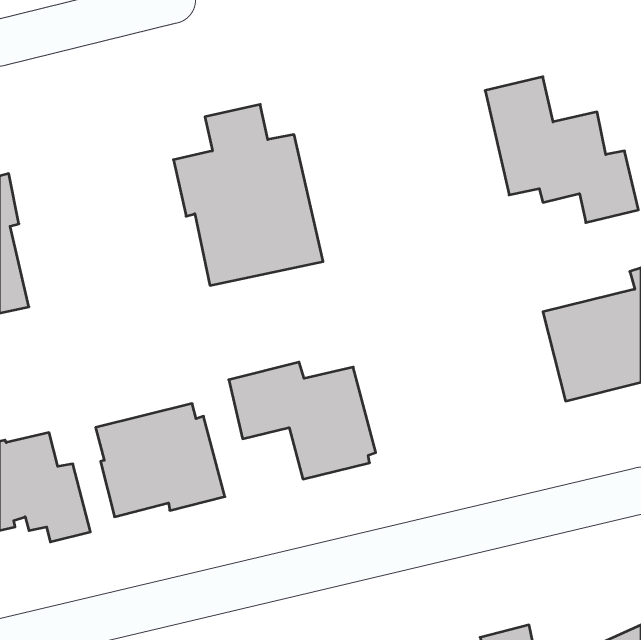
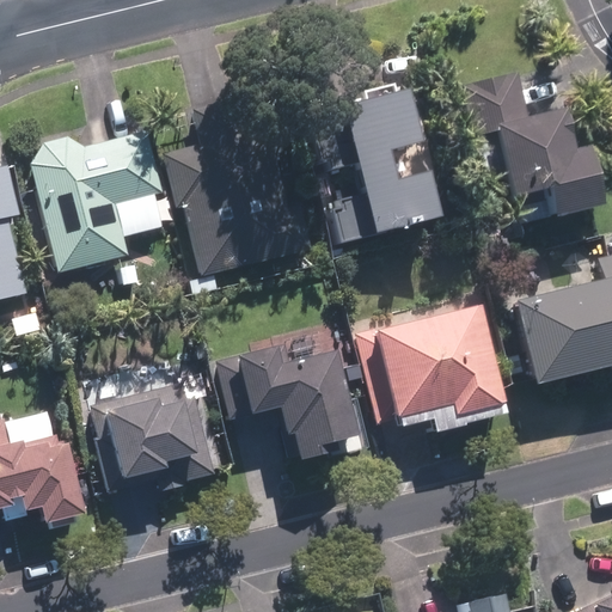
building: none -> [308,87,442,239]
building: none -> [32,135,163,271]
building: none -> [354,305,507,427]

